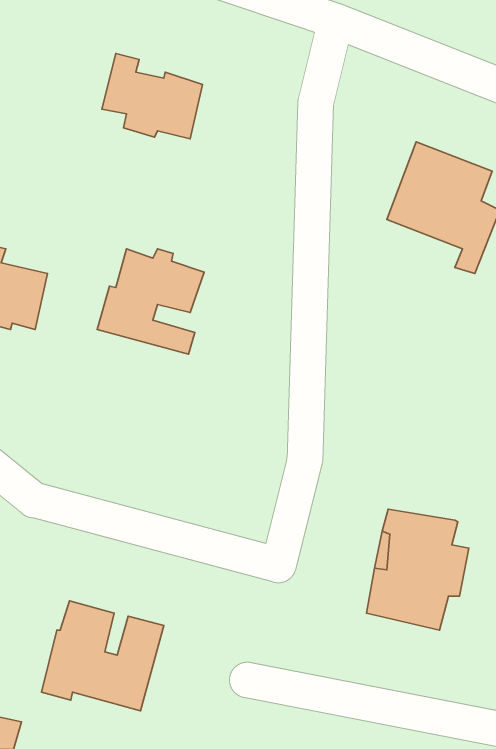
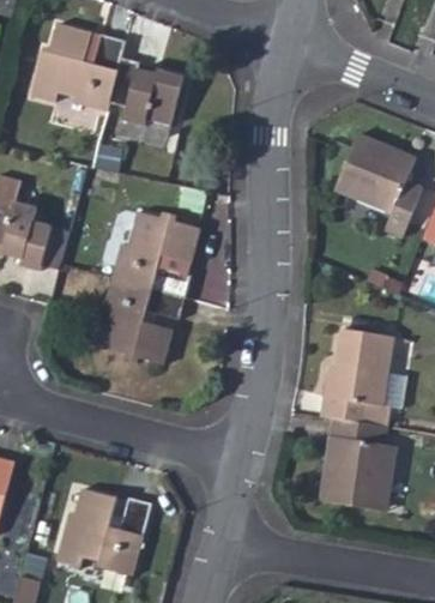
building: none -> [40,32,126,116]
building: none -> [91,277,177,364]
building: none -> [320,325,404,426]

